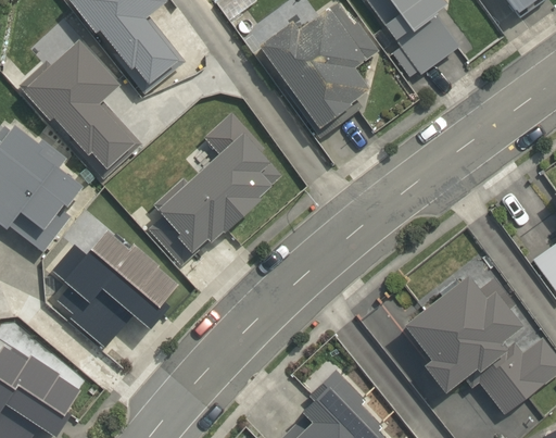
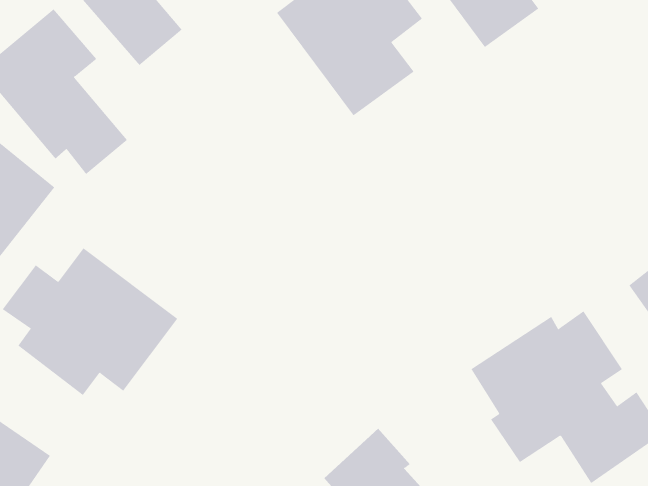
building: [148,112,273,255] -> none

